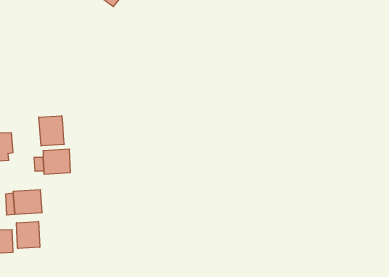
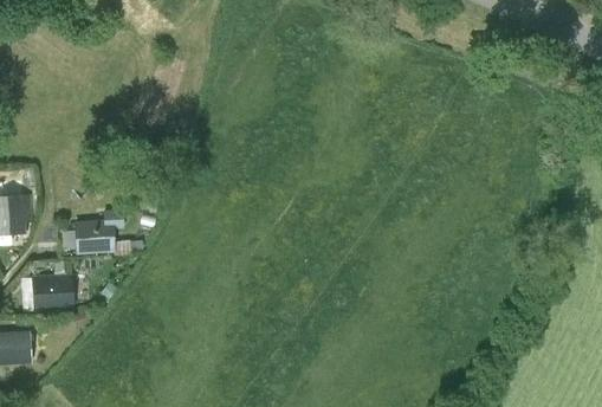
building: [39,116,64,146] -> none
building: [17,221,40,249] -> none

